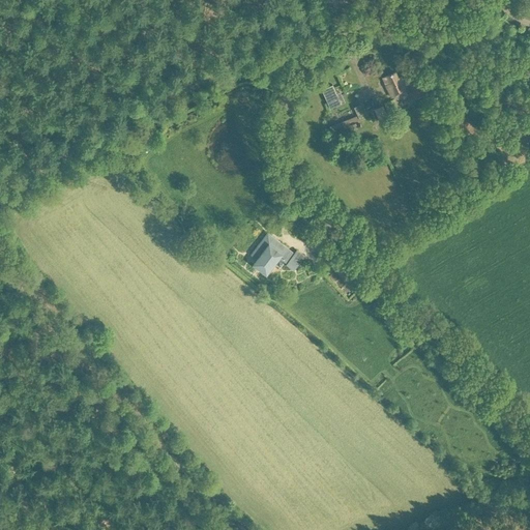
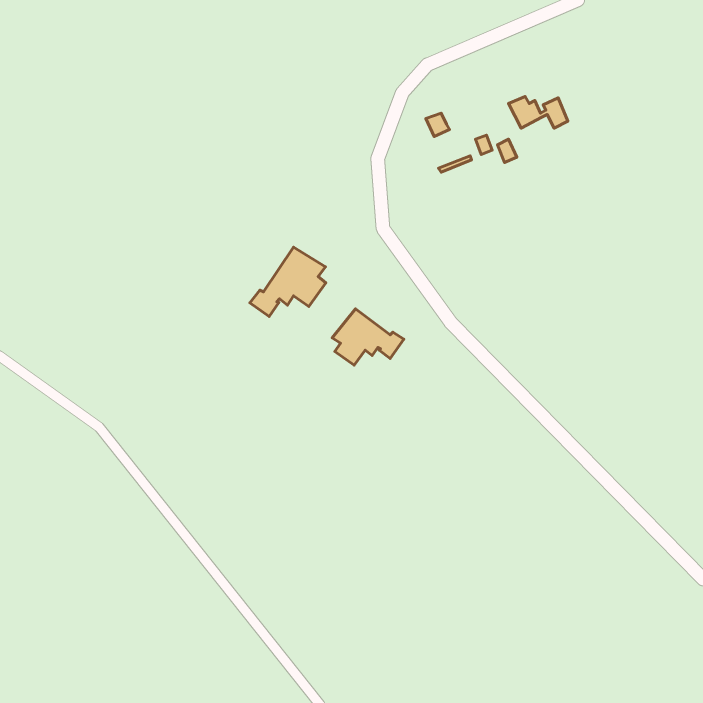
building: none -> [250,247,326,317]

